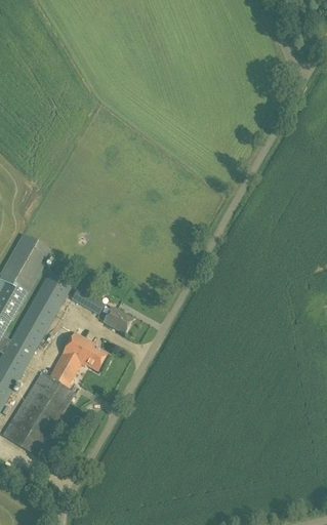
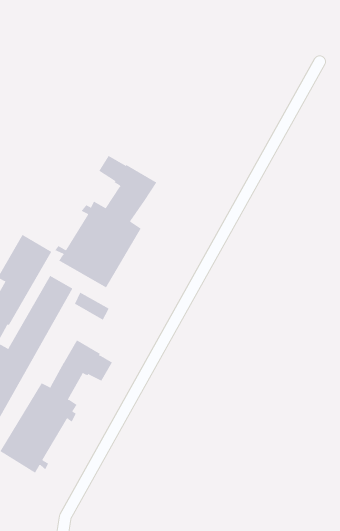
building: none -> [55,155,157,288]
building: [104,307,132,332] -> none

